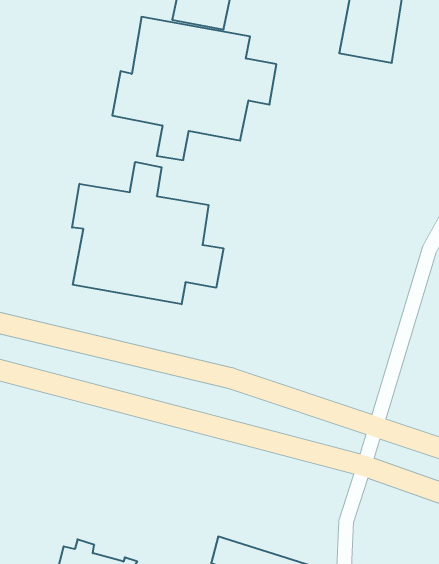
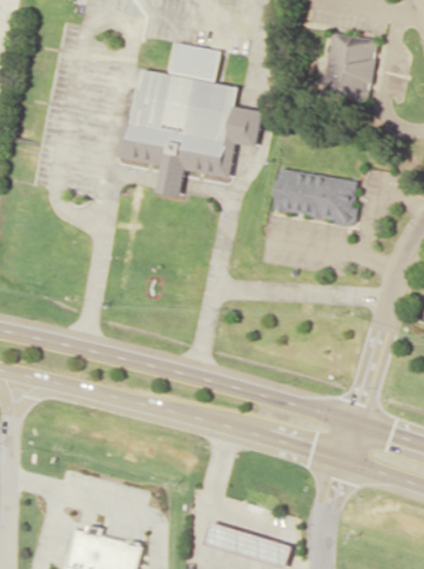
building: none -> [272,168,358,223]
building: [72,162,223,304] -> none

